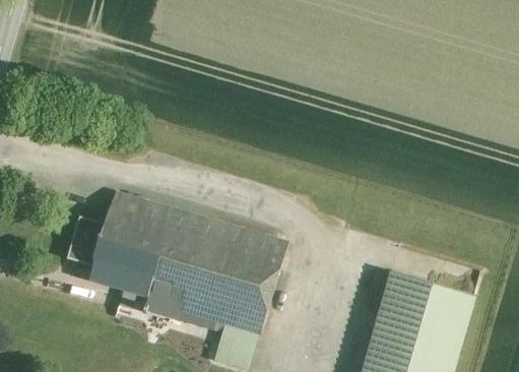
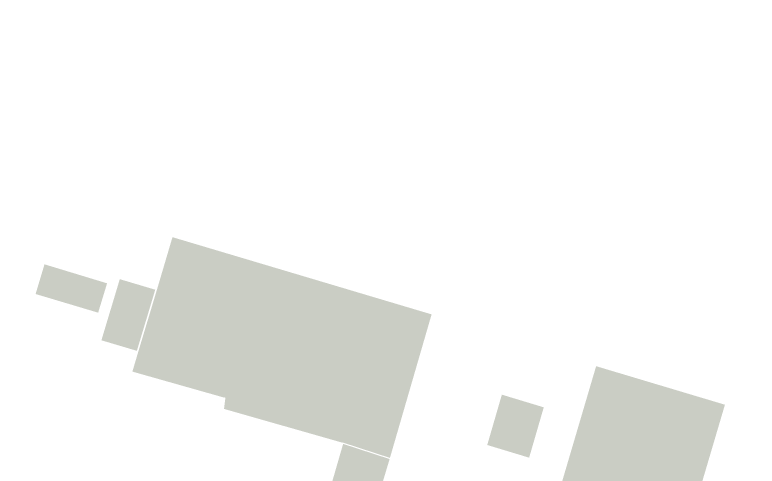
building: none -> [35,264,108,314]
building: none -> [486,394,545,458]

